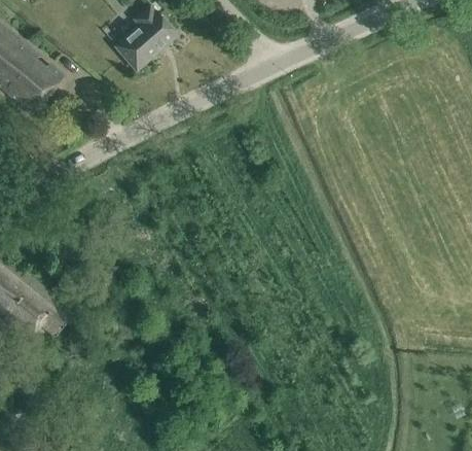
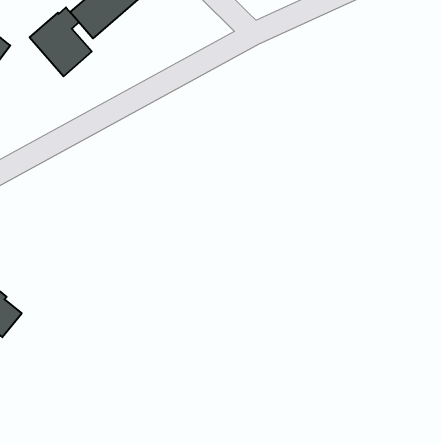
building: none -> [30,7,92,76]

